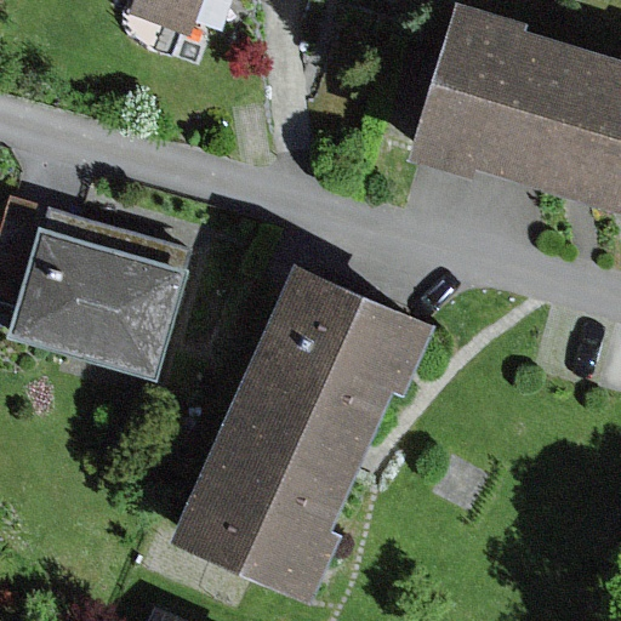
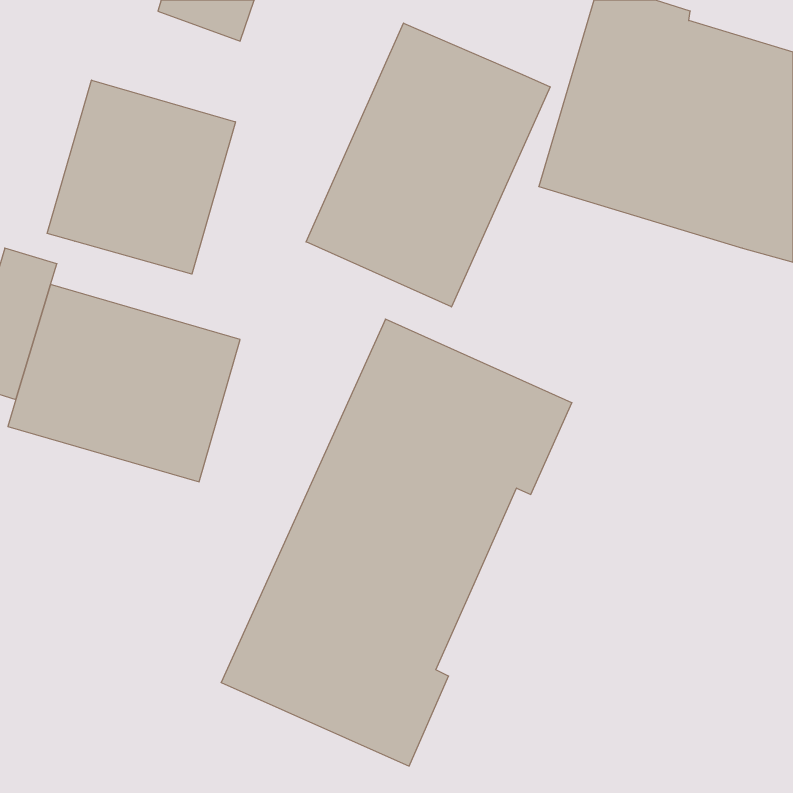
building: none -> [306,23,550,307]
building: none -> [47,80,235,274]

